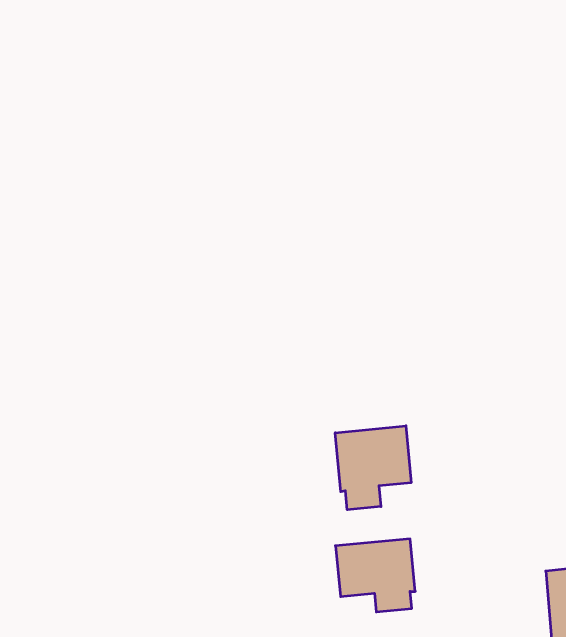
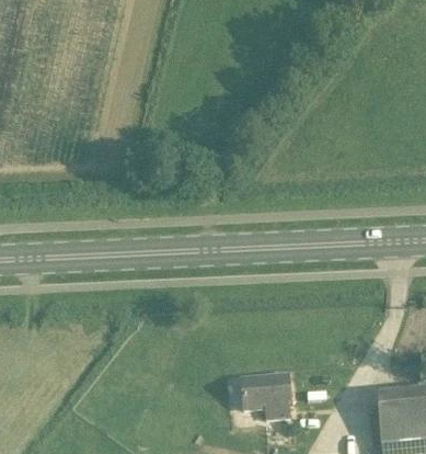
building: [335,426,411,510] -> none

